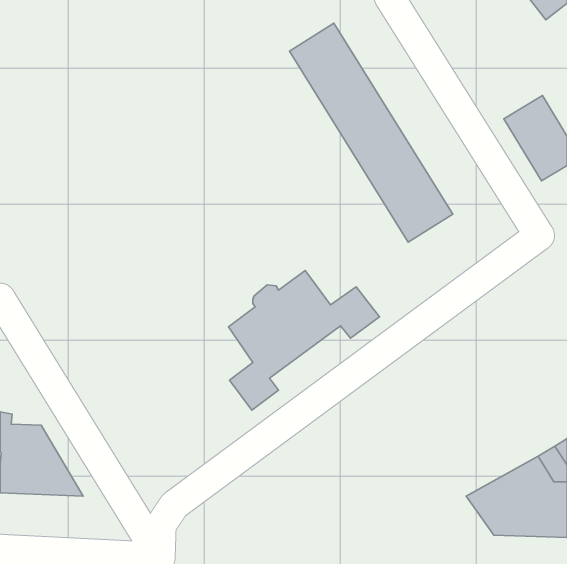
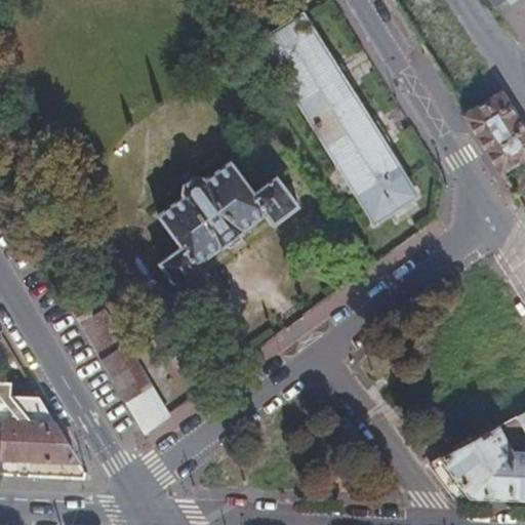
building: [228,270,379,410] -> [160,166,299,295]
building: none -> [81,313,171,433]

